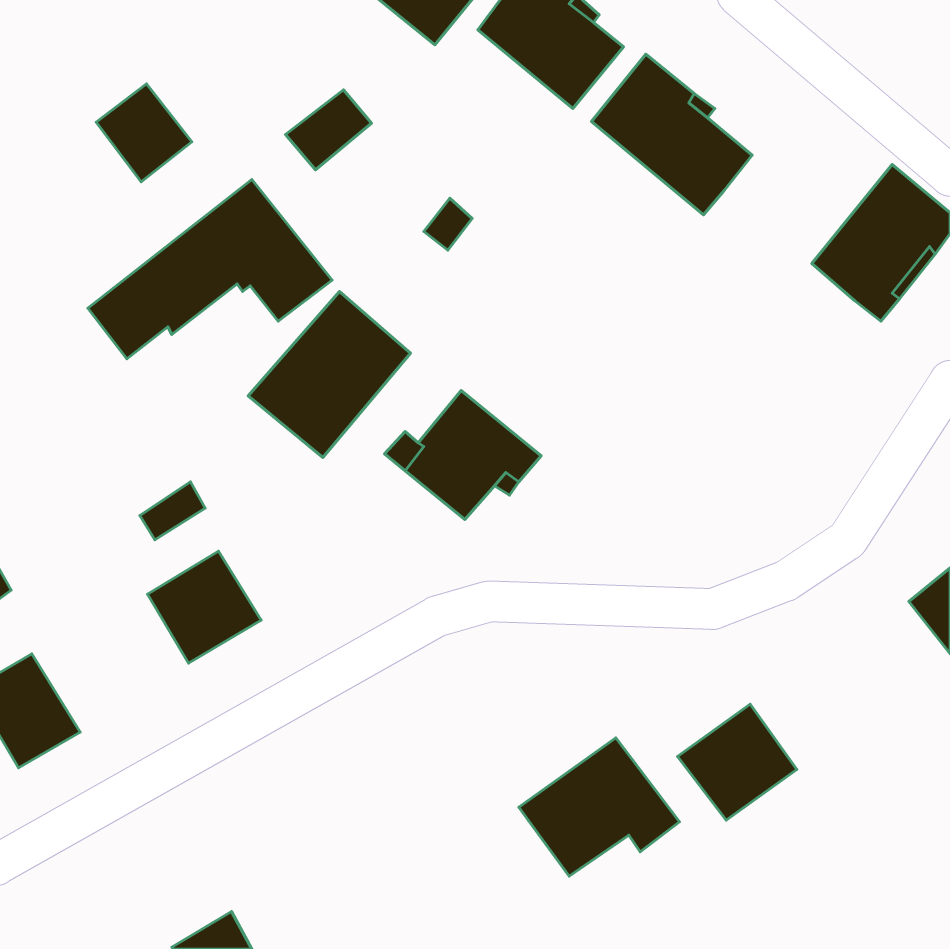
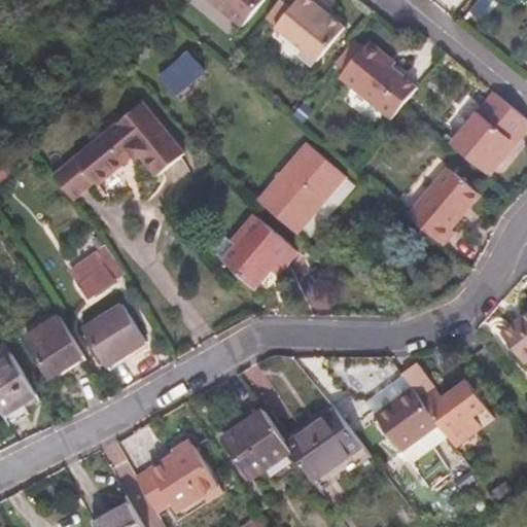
building: [96,84,192,182] -> none
building: [248,291,411,458] -> [256,141,346,233]
building: none -> [401,169,473,247]
building: none -> [25,314,83,375]
building: none -> [402,363,494,441]
building: none -> [223,414,291,480]
building: none -> [137,446,217,513]

